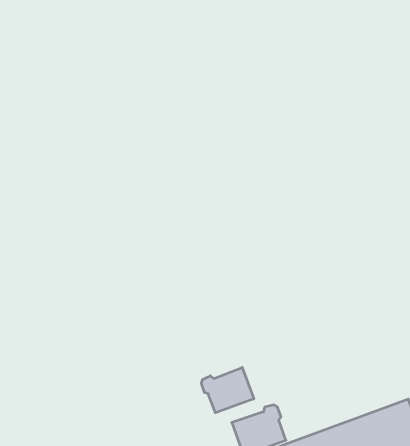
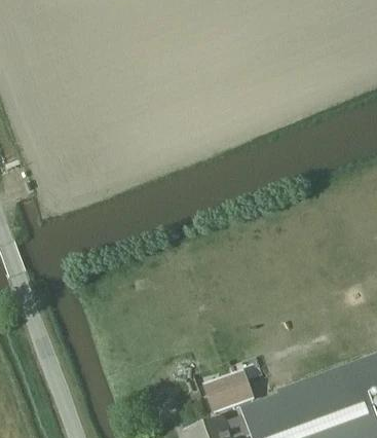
building: [201,367,254,413] -> none

